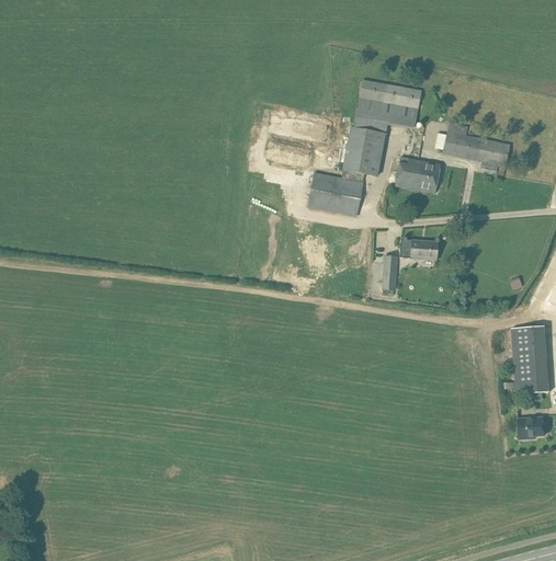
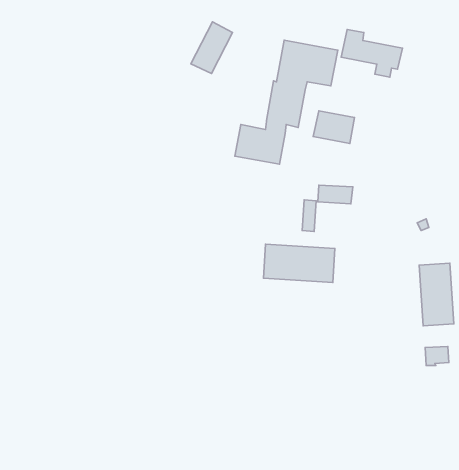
building: none -> [191,22,233,73]
building: [442,123,510,175] -> [341,29,403,77]
building: none -> [263,244,335,283]

